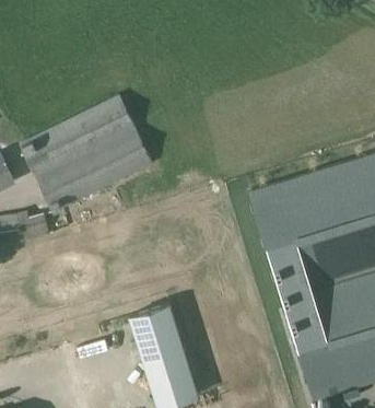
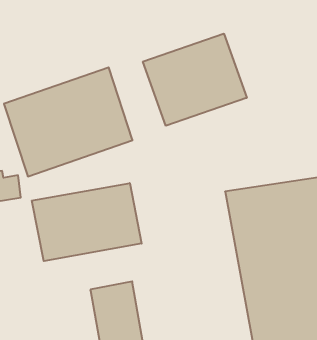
building: none -> [143,34,247,126]
building: none -> [32,183,142,261]

